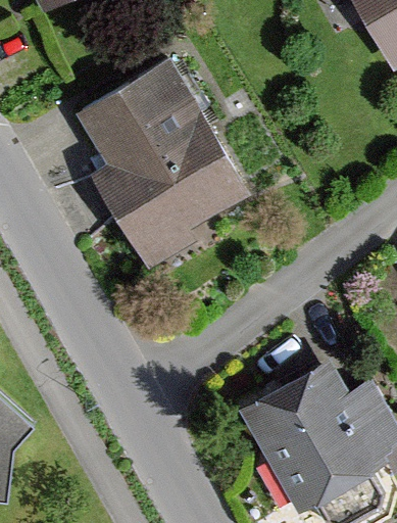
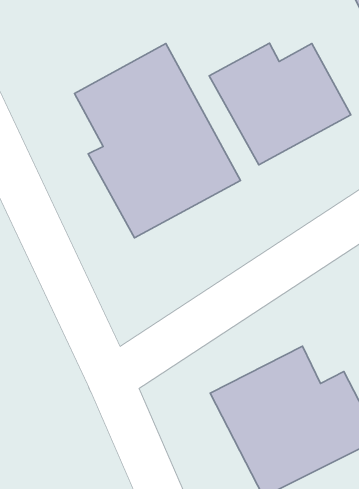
building: none -> [209,43,351,165]

